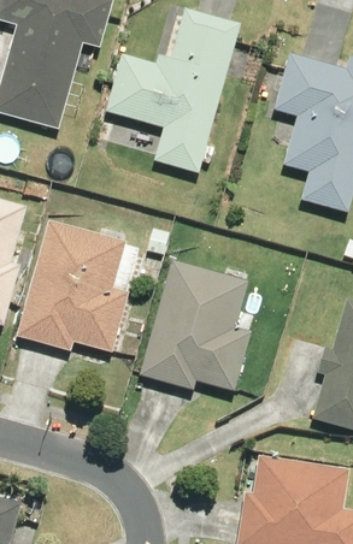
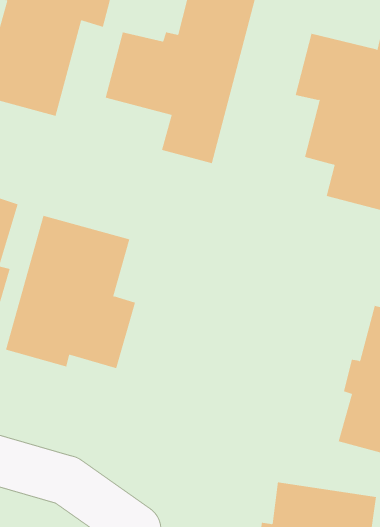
building: [140,258,248,392] -> none

